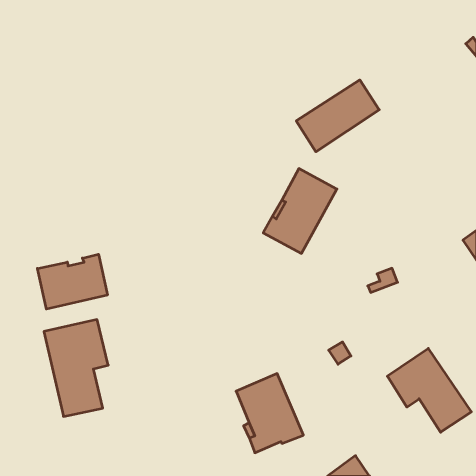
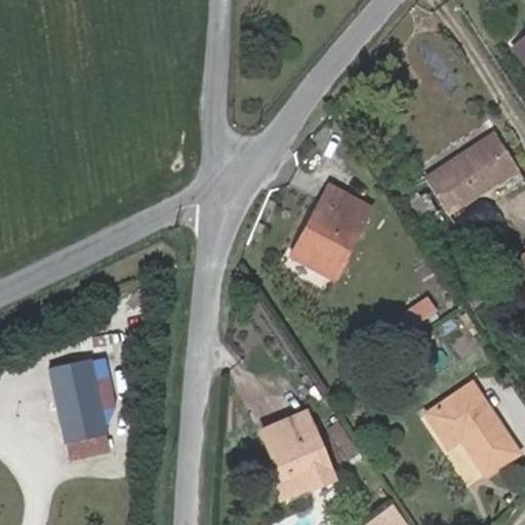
building: [296,80,379,152] -> [426,134,517,213]
building: [37,254,107,309] -> none

